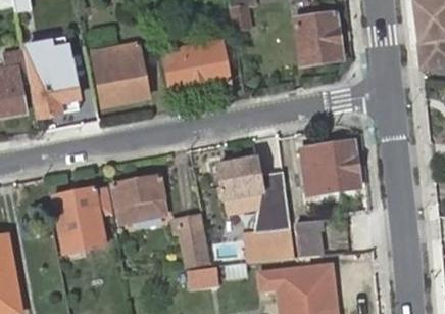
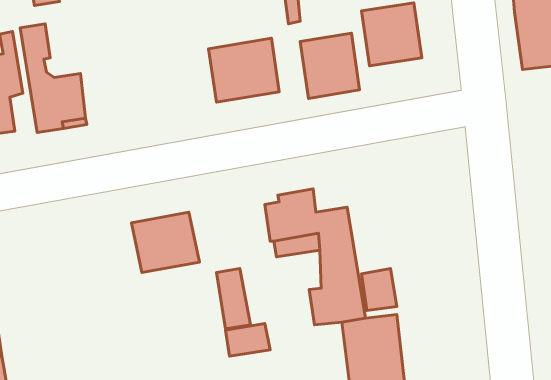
building: none -> [300,33,360,98]
building: [100,53,149,103] -> none
building: [299,140,361,193] -> none
building: [54,186,114,251] -> none

